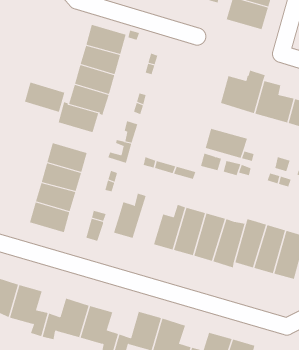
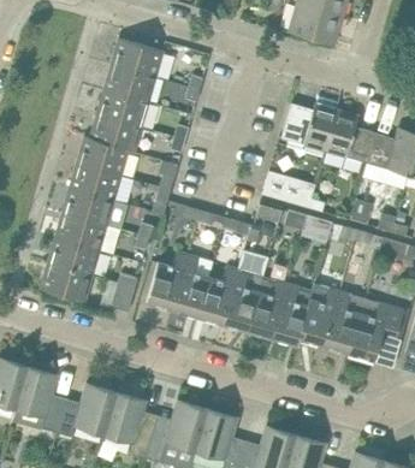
building: [24,82,65,112] -> [70,162,121,201]
building: none -> [172,255,214,316]

